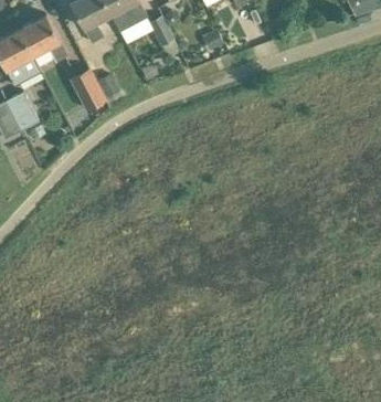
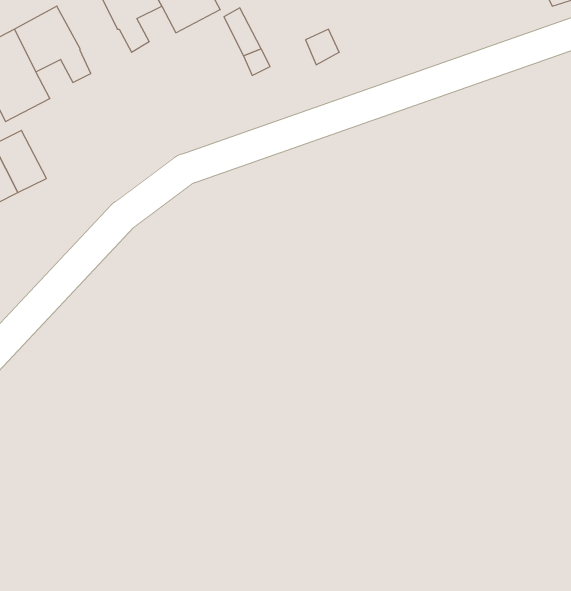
building: [70,68,106,110] -> none

